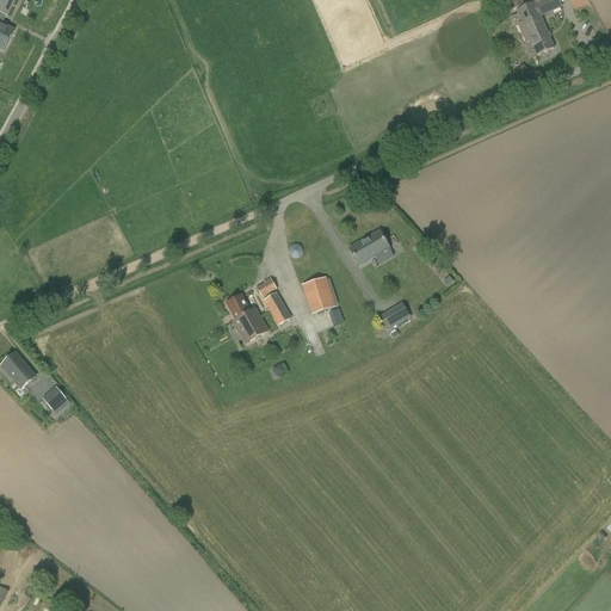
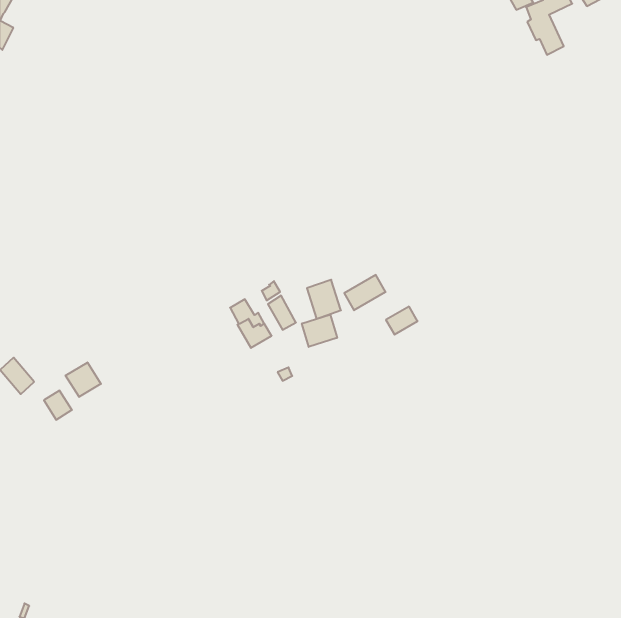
building: [347,228,388,263] -> [344,275,386,310]
building: none -> [302,314,337,347]
building: none -> [66,362,101,397]

